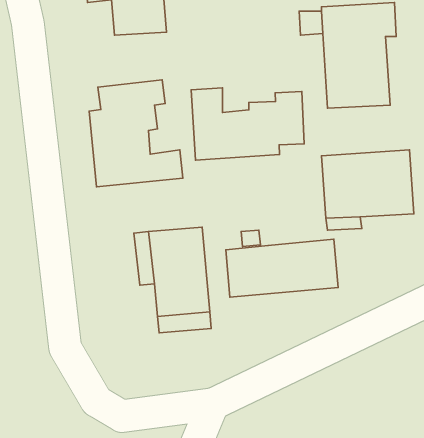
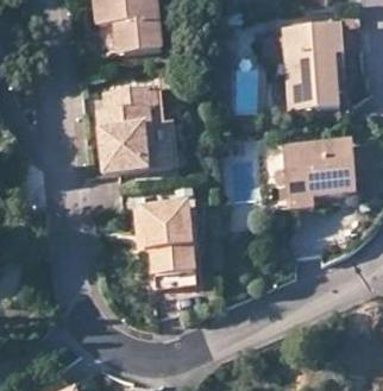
building: [191,88,304,160] -> none
building: [226,239,338,297] -> none

